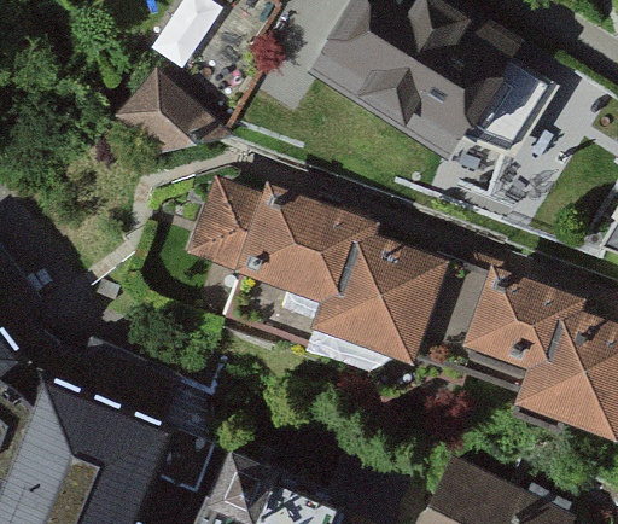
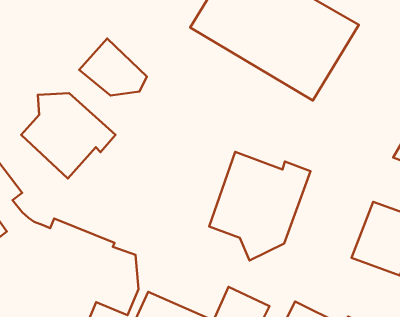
building: none -> [21,93,116,179]
building: [190,169,367,353] -> none
building: [437,269,575,400] -> none

